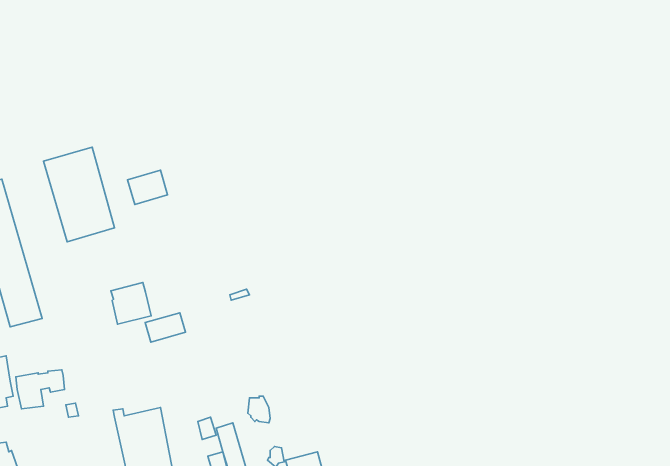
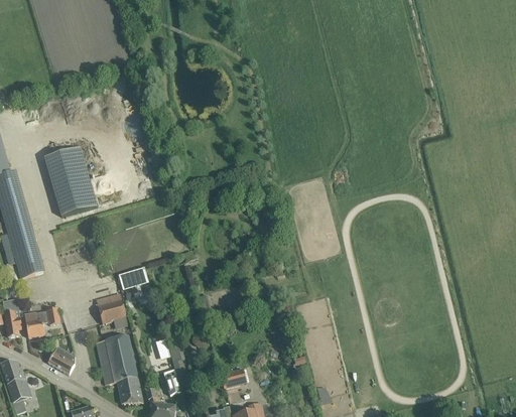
building: [128,170,168,205] -> none
building: [111,283,151,324] -> [96,292,125,322]
building: none -> [48,345,75,373]

